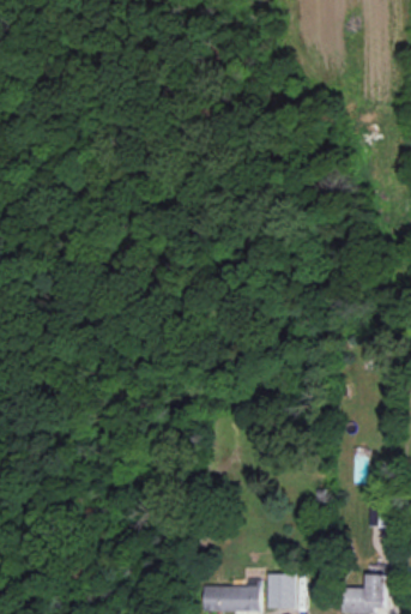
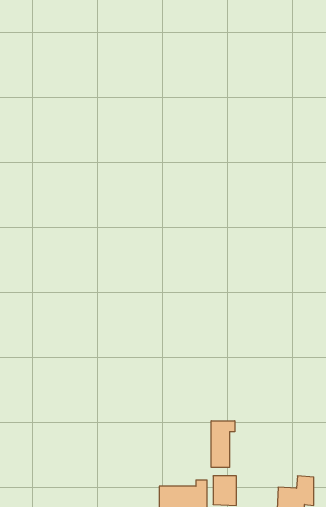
building: none -> [211,421,235,467]

